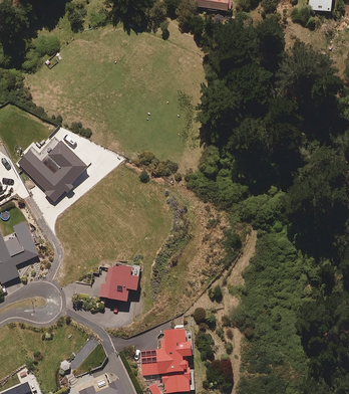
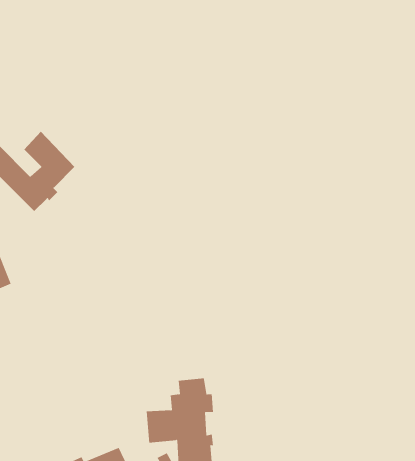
building: [98,262,139,299] -> none

